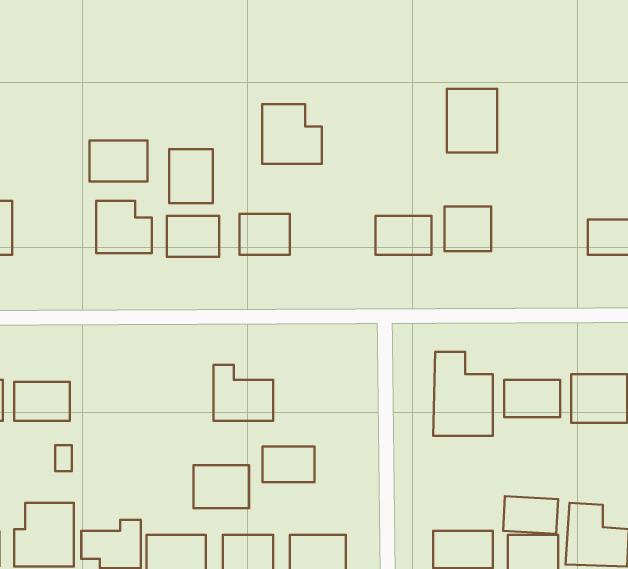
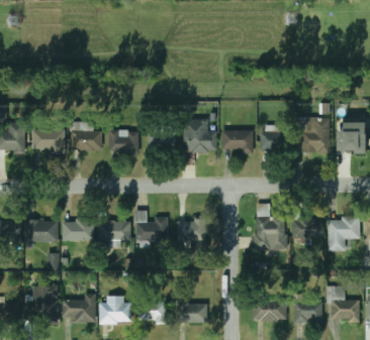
building: [447,89,497,152] -> [301,117,329,151]
building: [262,104,322,164] -> [184,119,216,151]
building: [90,140,147,182] -> [32,130,64,152]
building: [169,149,213,203] -> none
building: none -> [62,219,93,239]
building: [262,447,315,482] -> [177,220,205,239]
building: [193,465,249,508] -> [99,221,129,244]
building: [503,496,558,534] -> none

